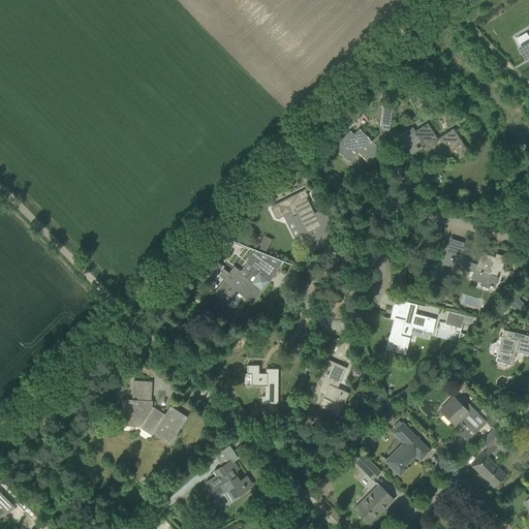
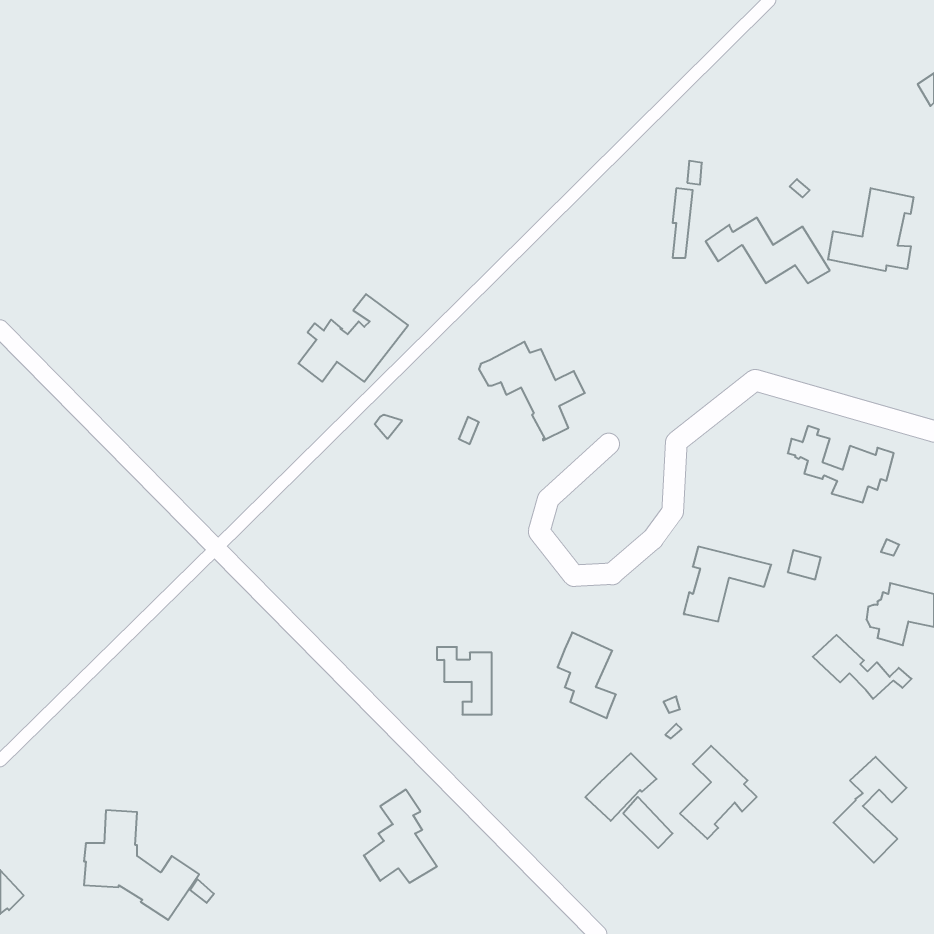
building: none -> [828,188,913,271]
building: [333,129,381,164] -> none
building: [215,253,277,303] -> [298,294,408,382]
building: [121,381,186,443] -> [84,810,199,920]
building: [441,397,497,433] -> [813,635,912,699]
building: [353,485,394,523] -> [585,753,657,821]

